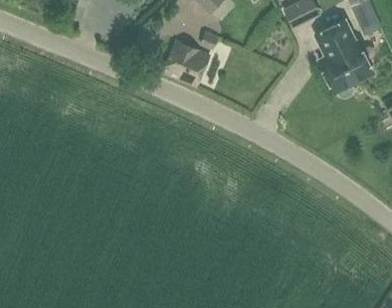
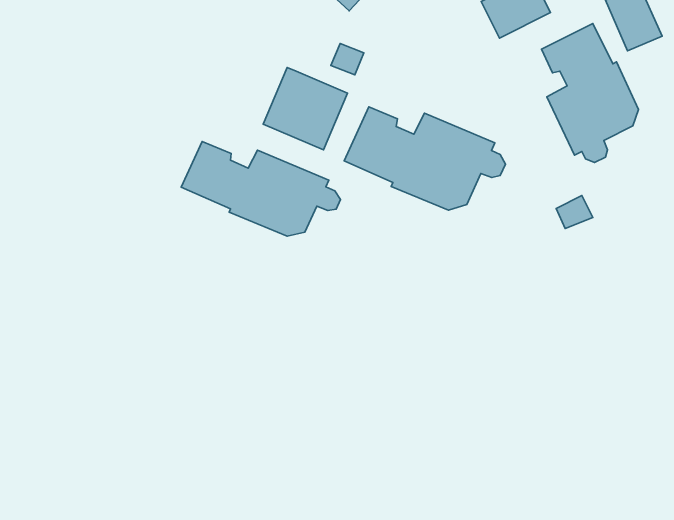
building: none -> [344,107,505,210]
building: none -> [181,142,341,236]

